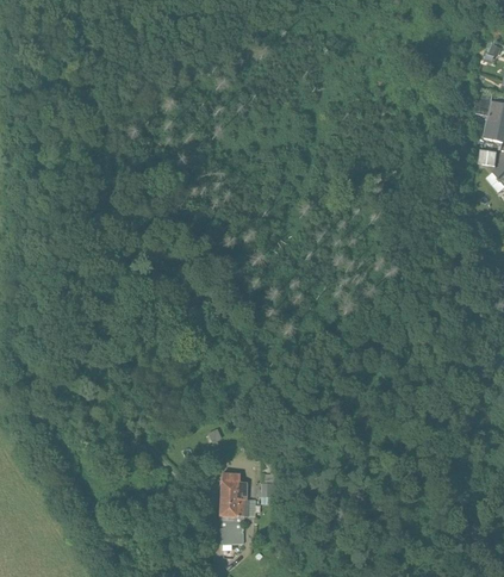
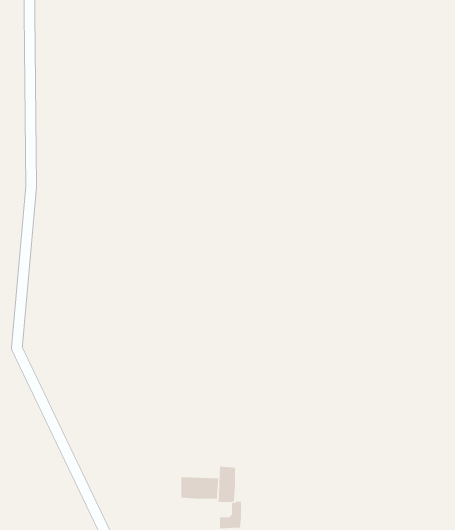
building: none -> [181,477,219,500]

